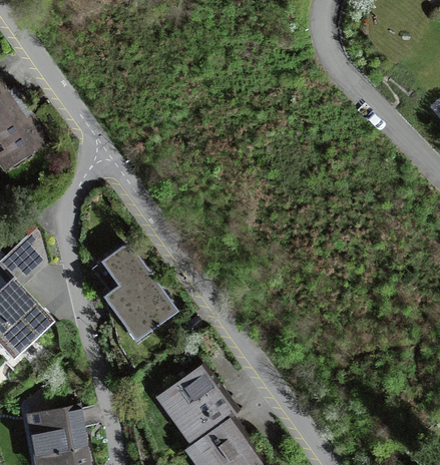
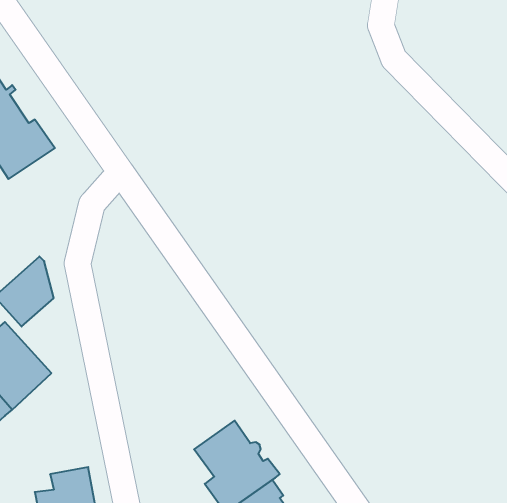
building: [91,248,172,332] -> none

